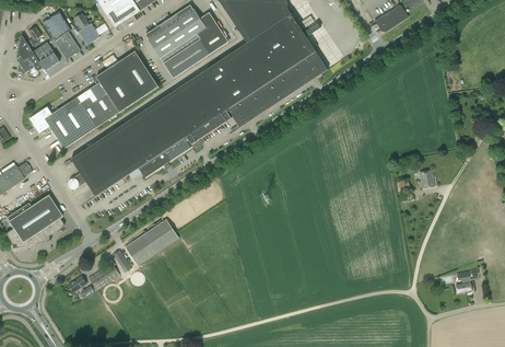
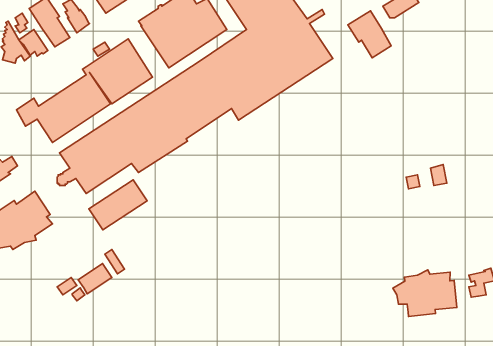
building: none -> [348,11,391,58]
building: [124,218,178,265] -> [89,180,147,230]
building: none -> [393,270,457,316]

